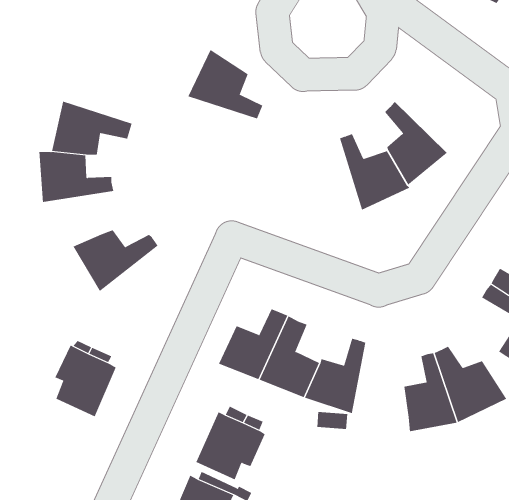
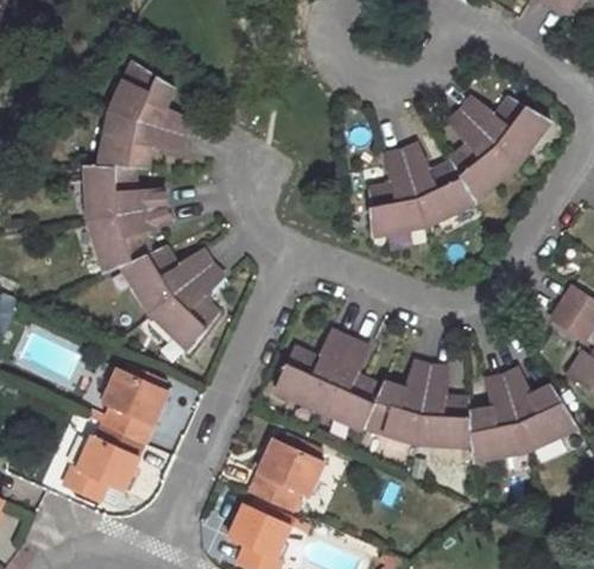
building: [188,49,263,119] -> [109,62,189,135]
building: none -> [459,100,548,166]
building: none -> [365,151,424,236]
building: none -> [88,207,169,271]
building: none -> [148,264,221,350]
building: none -> [415,366,473,444]
building: none -> [63,436,137,499]

